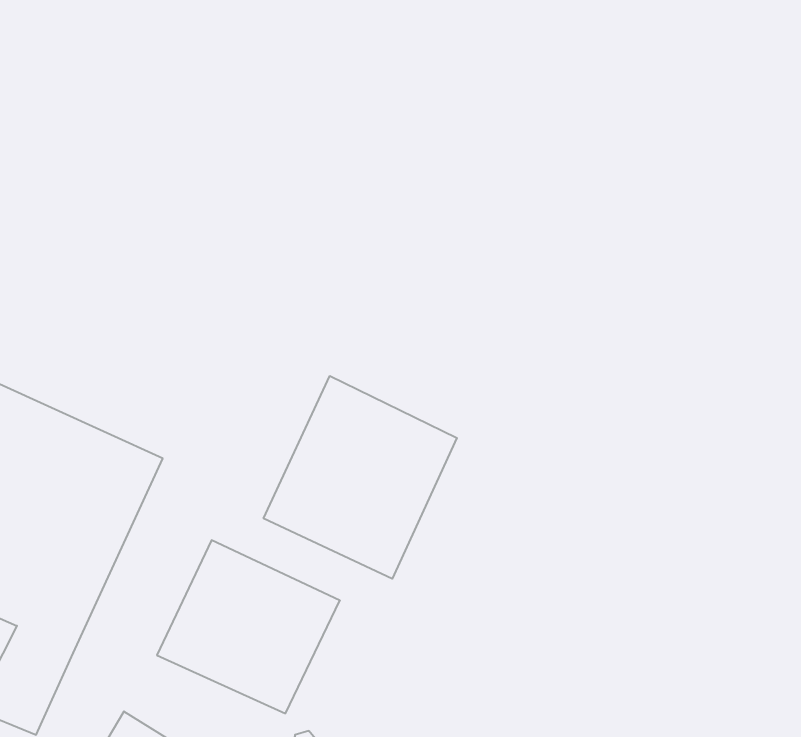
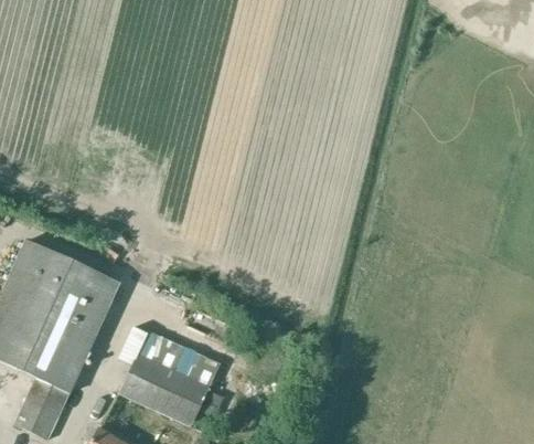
building: [264,376,457,579] -> none

